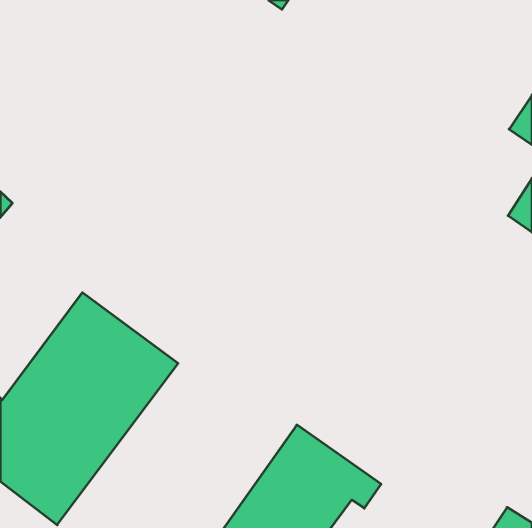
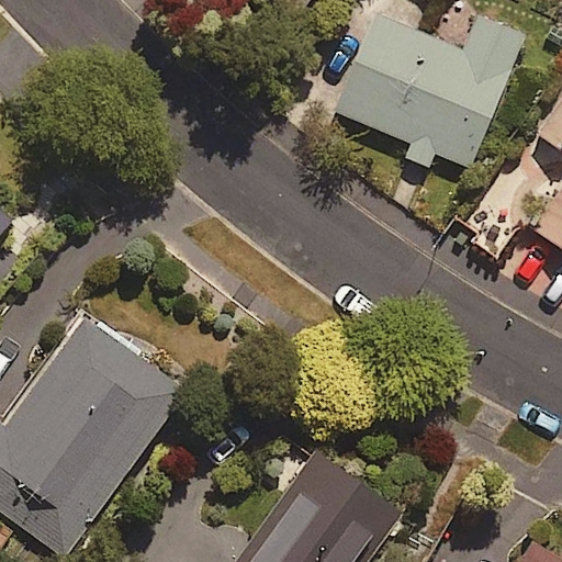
building: none -> [335,14,525,168]

